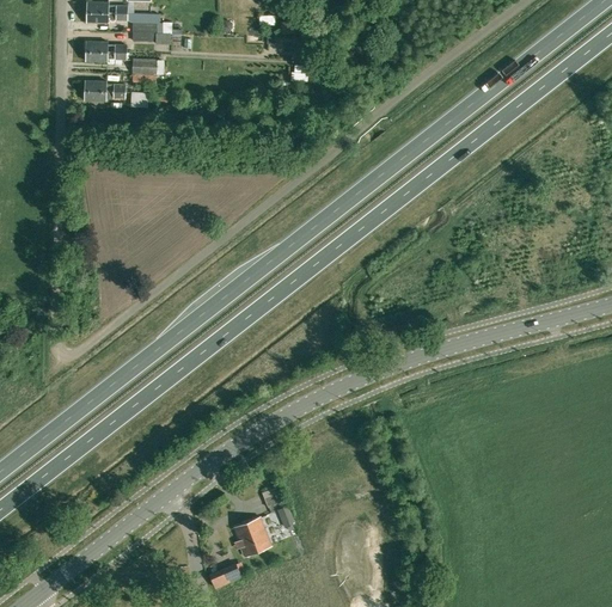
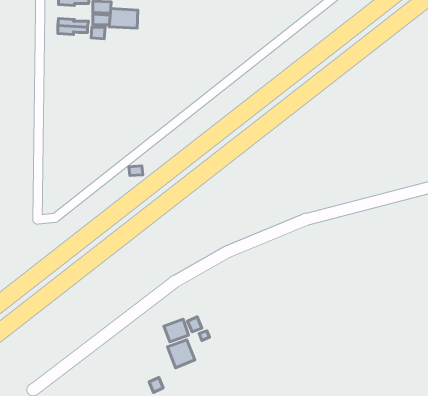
building: none -> [109,8,138,28]
building: none -> [164,319,189,342]

